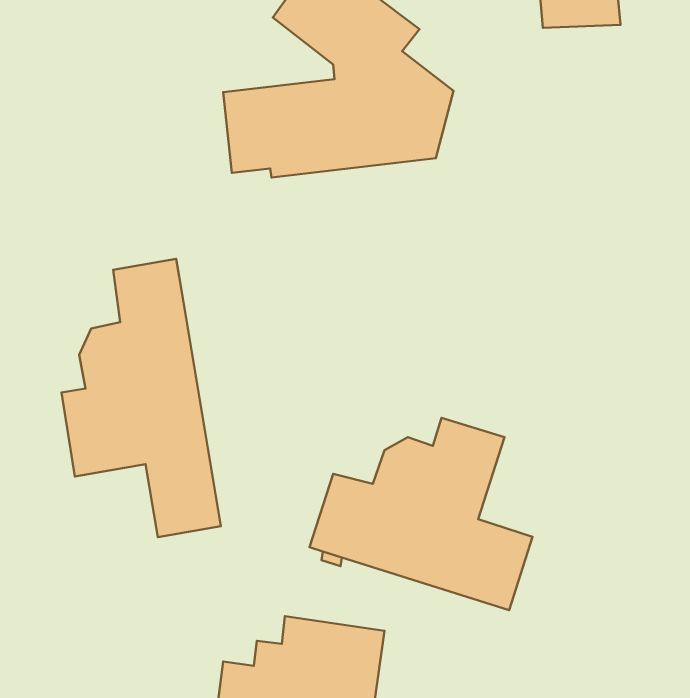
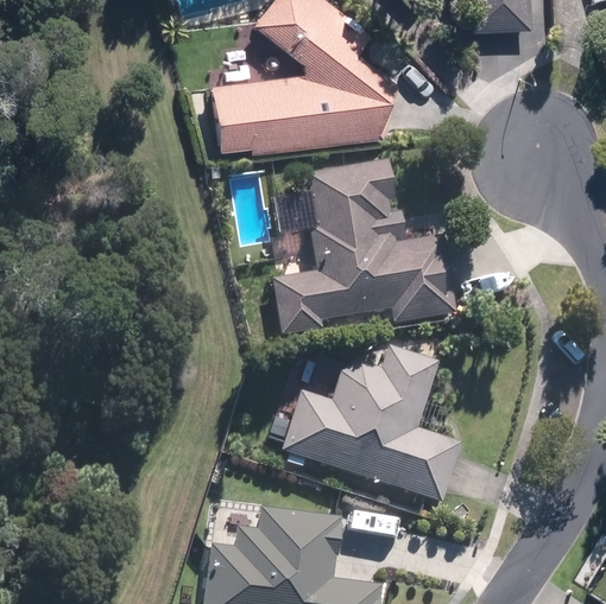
building: none -> [271,159,456,336]
building: [62,259,221,537] -> none

